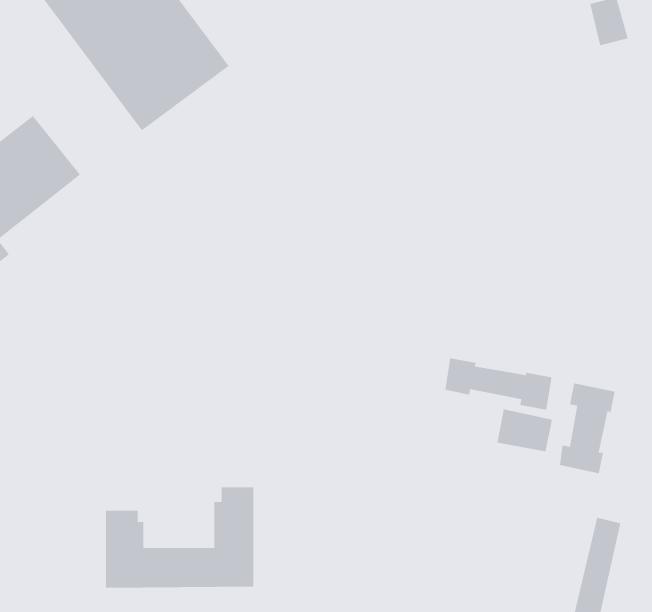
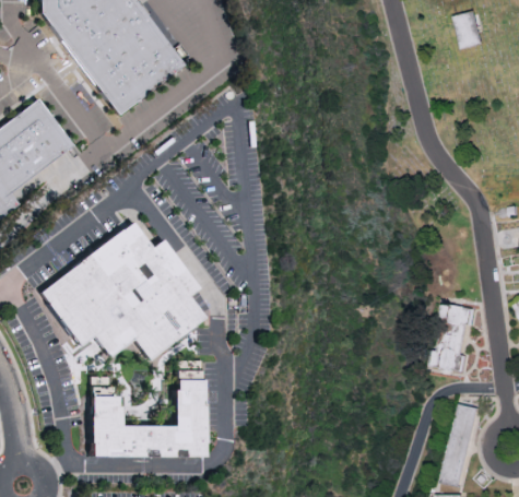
building: none -> [39,222,204,362]
building: [445,358,552,410] -> none
building: [497,408,553,452] -> none

